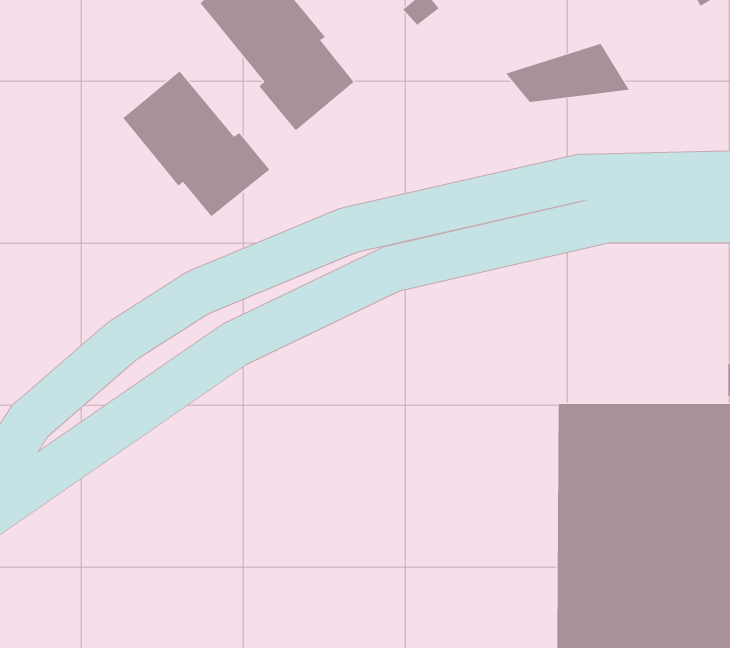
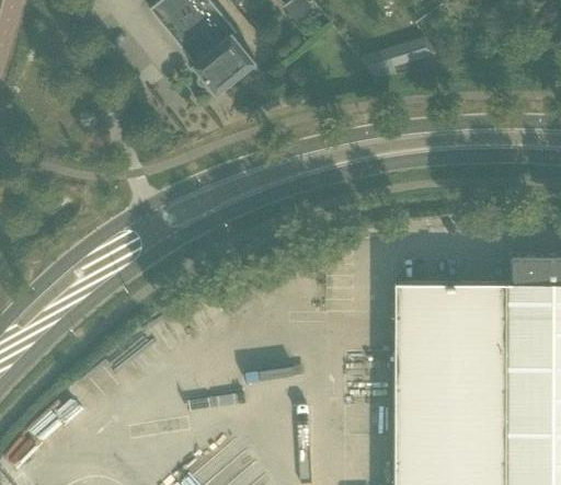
building: [122,70,270,217] -> none

